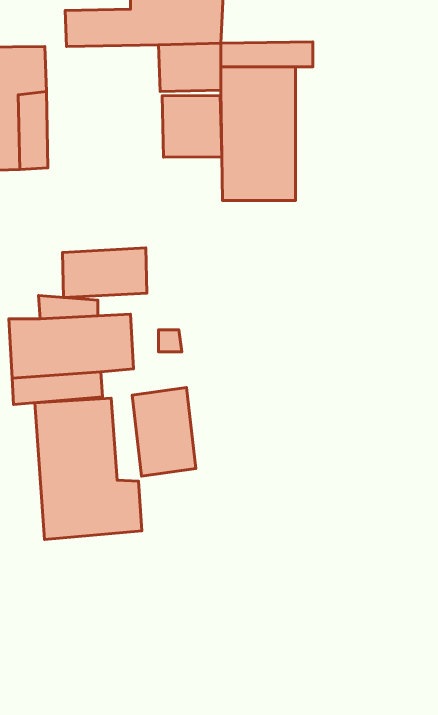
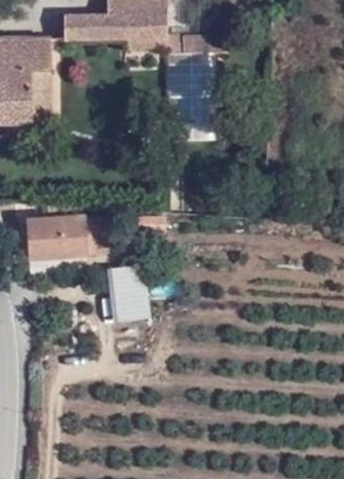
building: [162,96,222,157] -> none
building: [63,248,147,298] -> none
building: [35,398,142,539] -> none

